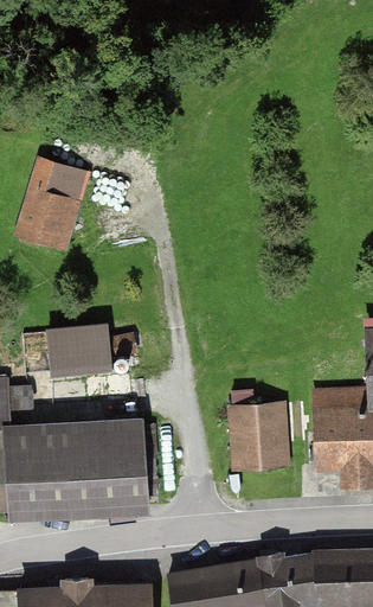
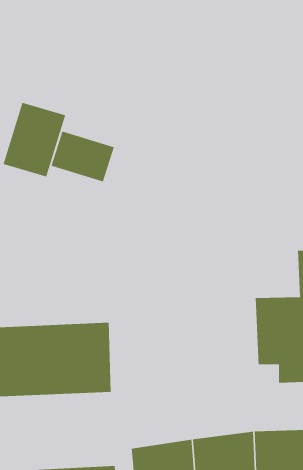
building: none -> [50,131,115,182]
building: [45,327,111,372] -> none
building: [230,404,290,466] -> none

